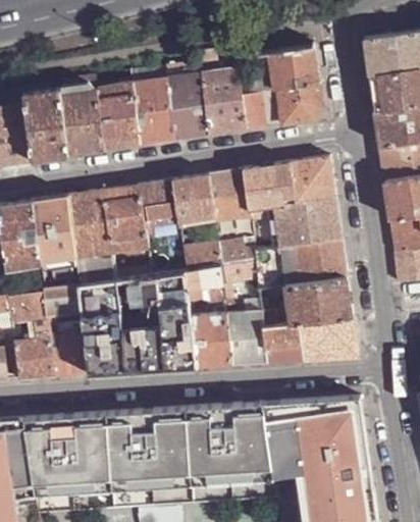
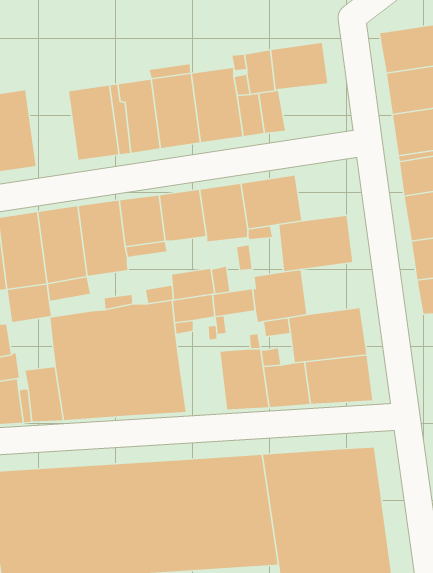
building: [275,86,321,126] -> none
building: [58,92,102,157] -> none
building: [290,159,334,204] -> none
building: [295,240,346,284] -> none
building: [41,286,81,318] -> none
building: [189,316,230,369] -> none

